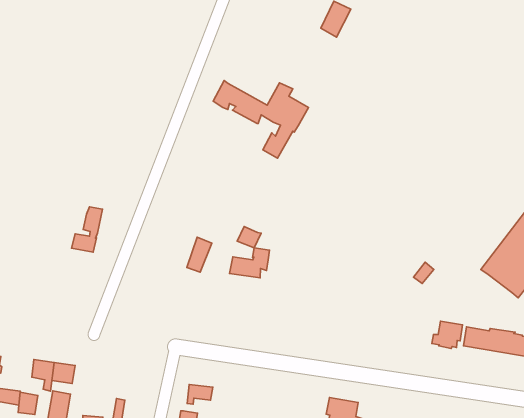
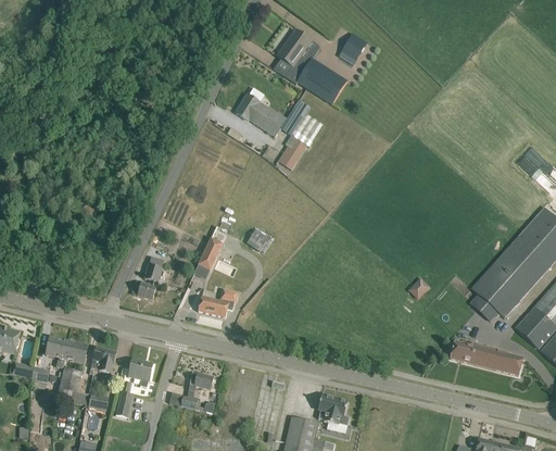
building: none -> [275,29,348,104]
building: [72,207,102,252] -> [132,258,164,300]
building: [229,248,270,278] -> [198,289,237,317]
building: [432,321,462,349] -> none
building: none -> [90,347,116,374]
building: none -> [128,359,153,387]

